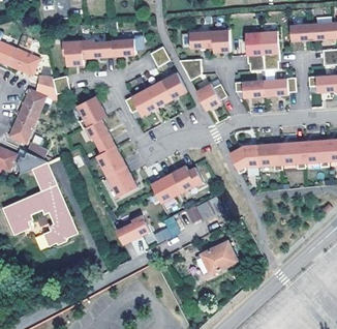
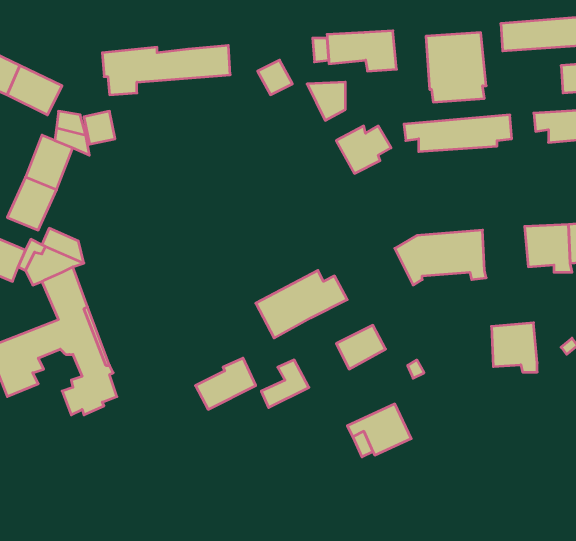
building: [124,71,186,115] -> none
building: [76,94,137,197] -> none
building: [278,140,304,168] -> [491,323,537,372]

